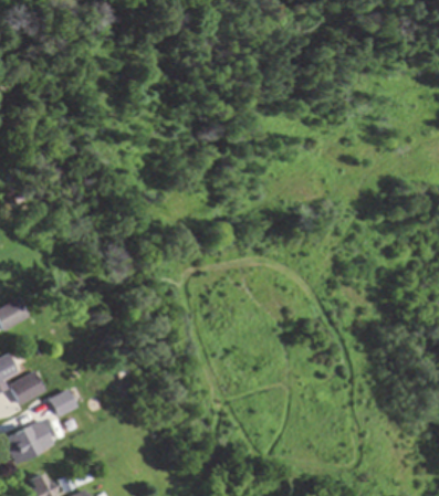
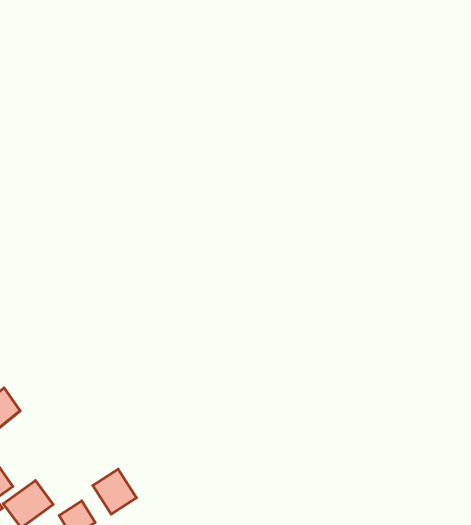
building: none -> [93,469,137,514]

